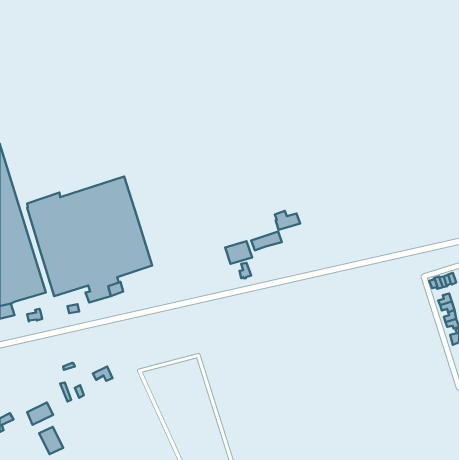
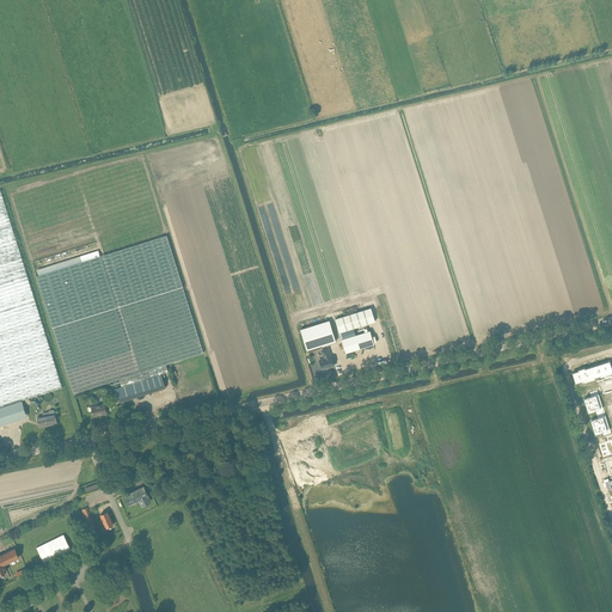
building: [275,211,300,230] -> [339,328,373,353]
building: [39,427,63,454] -> none

